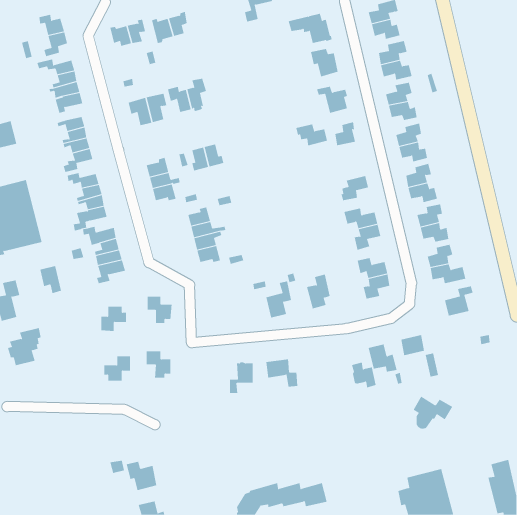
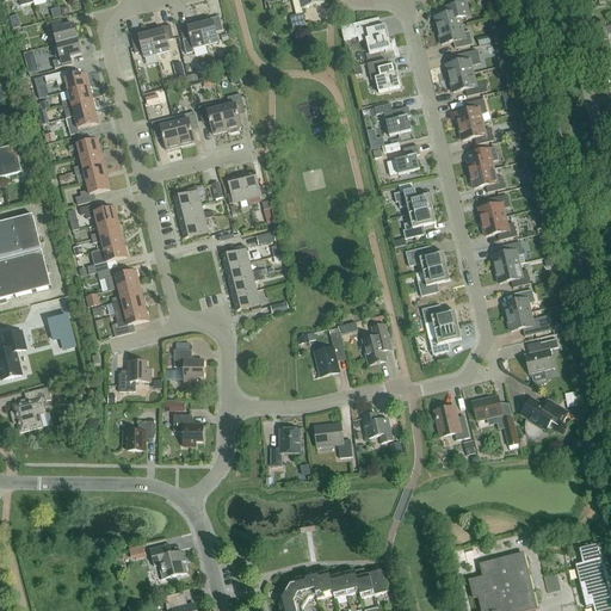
building: [295,124,328,146] -> [393,186,431,212]
building: [351,362,377,388] -> [362,411,391,442]
building: [413,396,453,429] -> [520,396,568,436]

